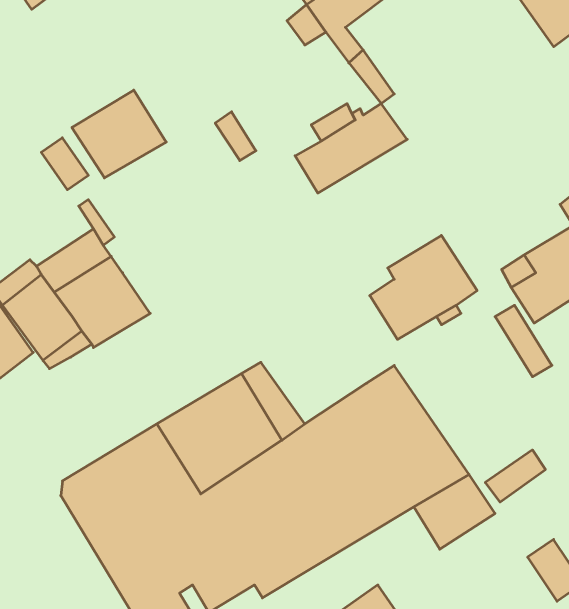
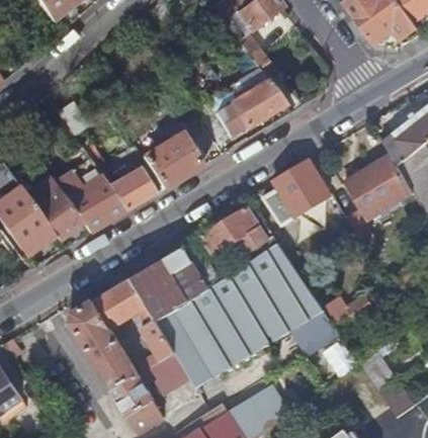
building: [72,90,166,178] -> [142,134,200,188]
building: none -> [108,167,156,210]
building: none -> [201,209,277,255]

